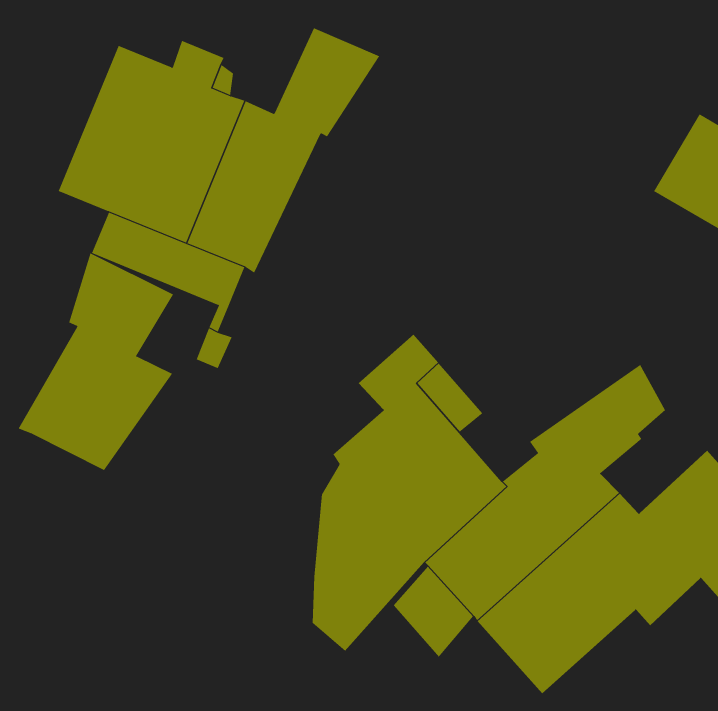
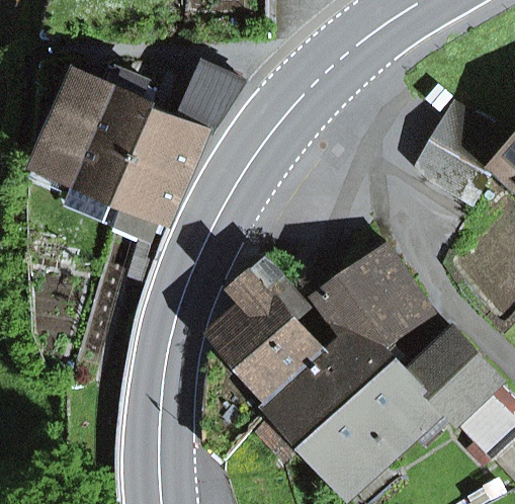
building: [18,253,174,471] -> none
building: none -> [317,240,412,326]

